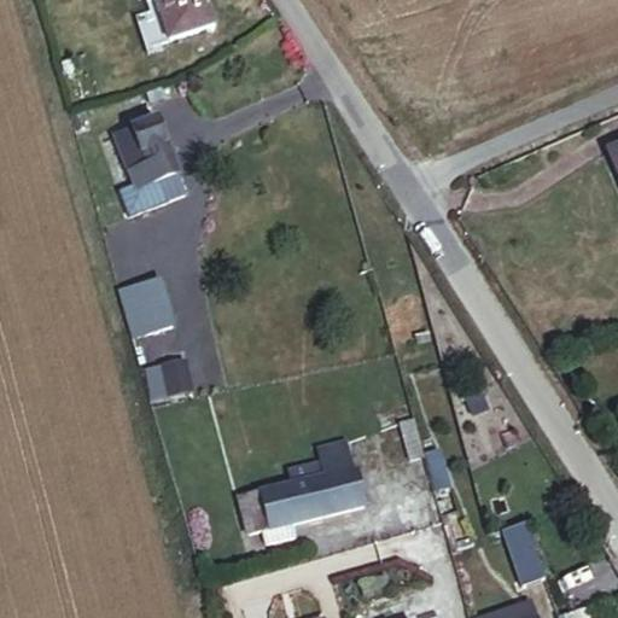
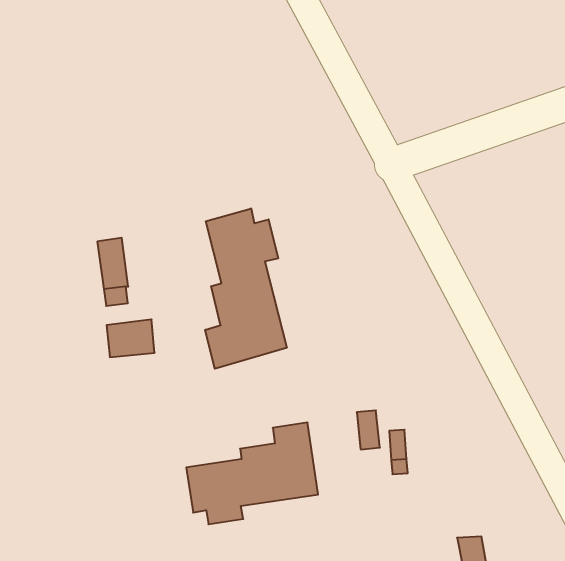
building: [124,115,185,206] -> none
building: none -> [205,208,287,369]

